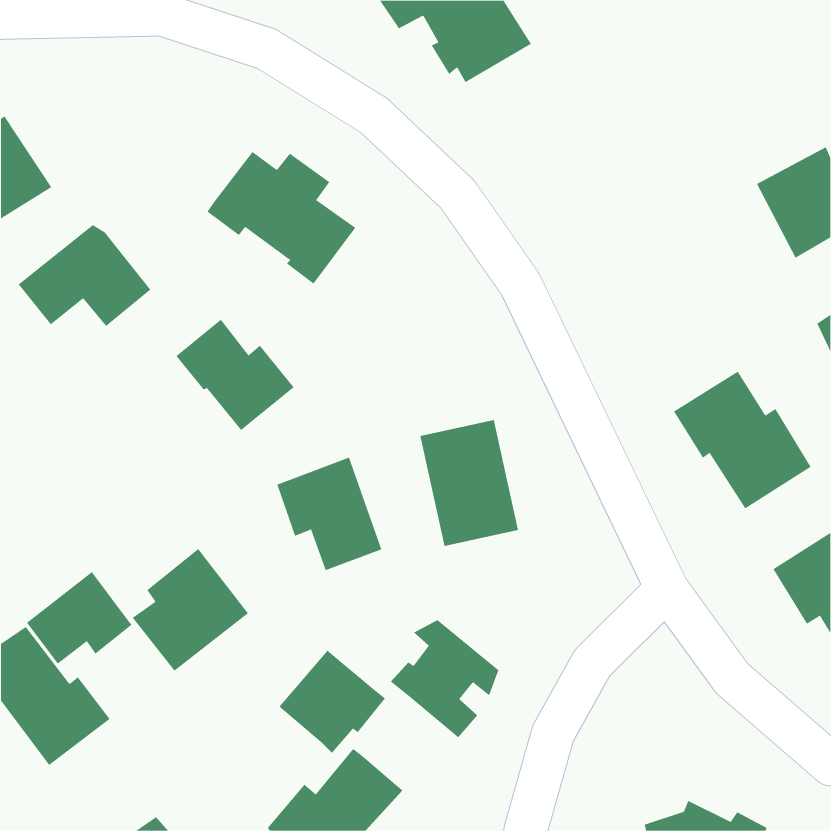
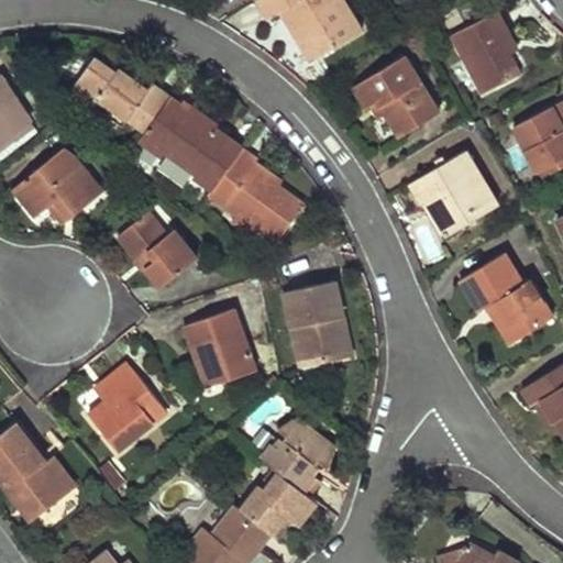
building: none -> [449,5,517,89]
building: none -> [350,51,439,134]
building: none -> [68,63,170,135]
building: none -> [407,148,495,236]
building: none -> [207,154,301,244]
building: [26,571,132,664] -> none
building: [278,650,386,754] -> [244,472,317,542]

